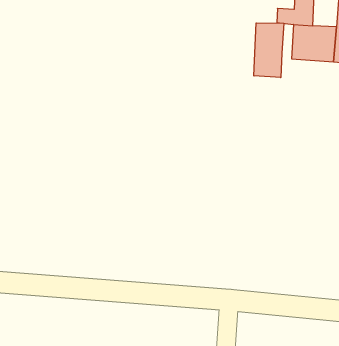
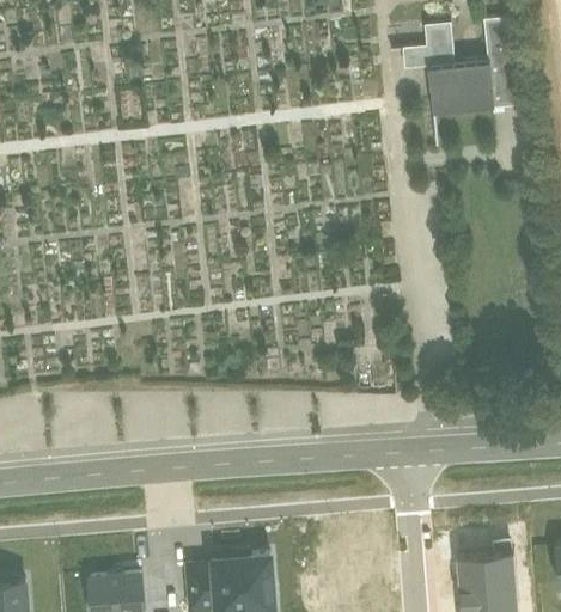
building: [254,23,284,78] -> none

